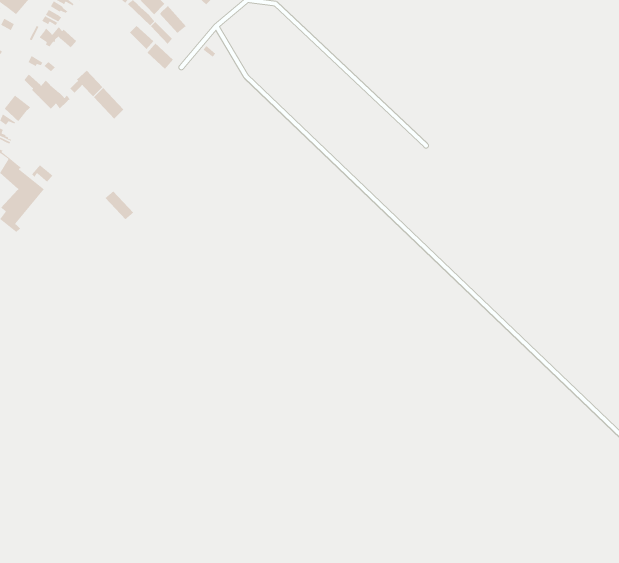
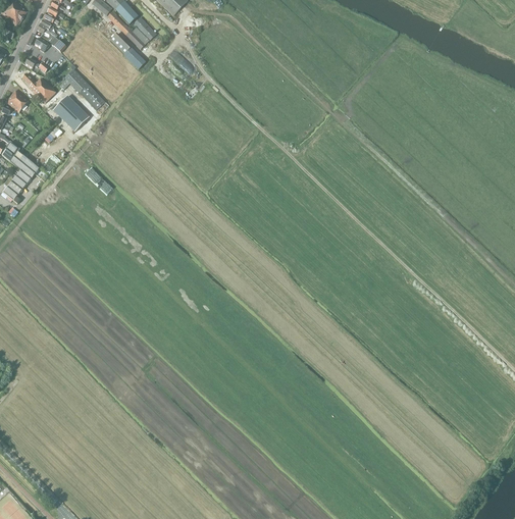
building: none -> [53,94,89,129]

